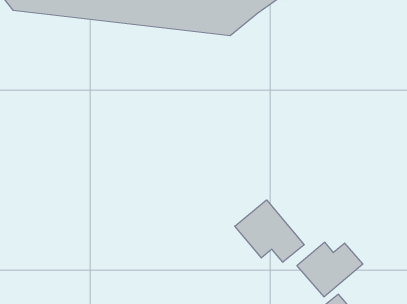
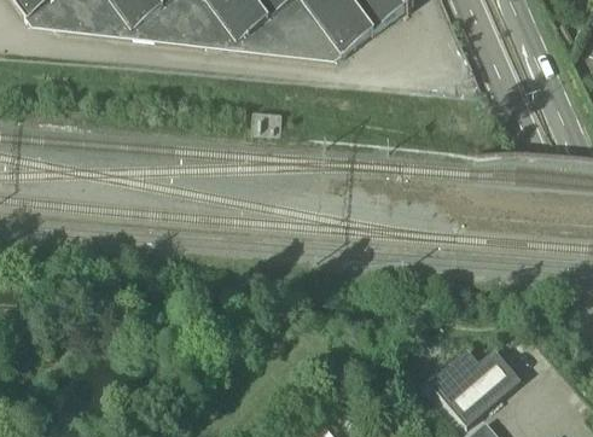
building: [235,200,304,262] -> none

